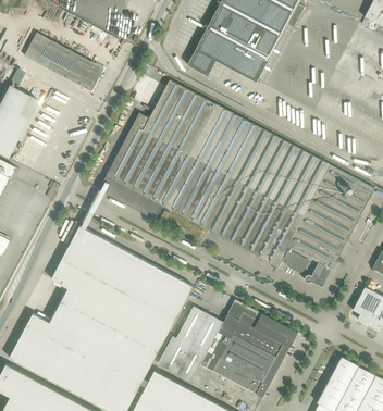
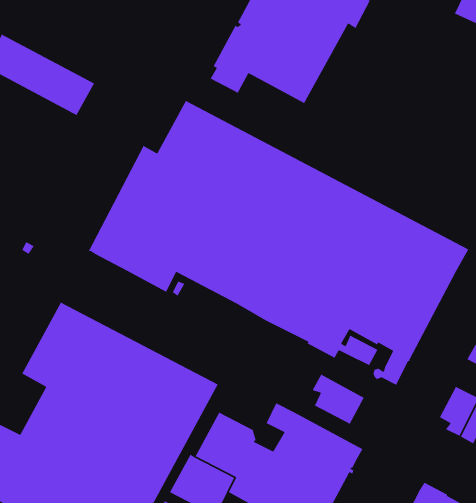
building: none -> [311,374,365,425]

